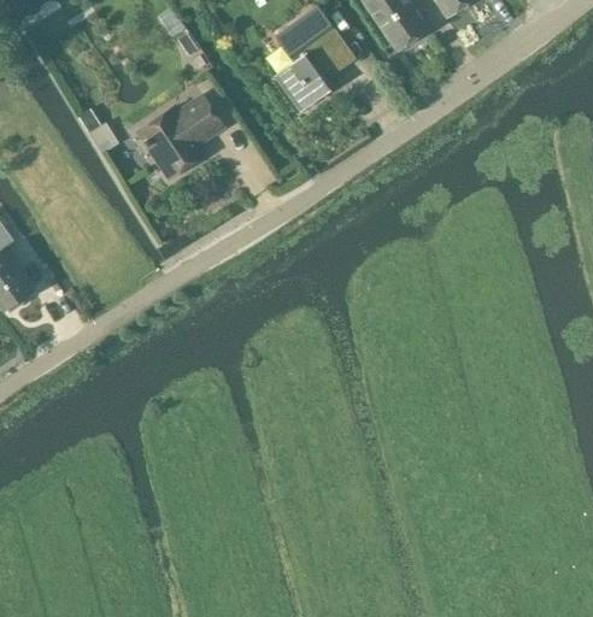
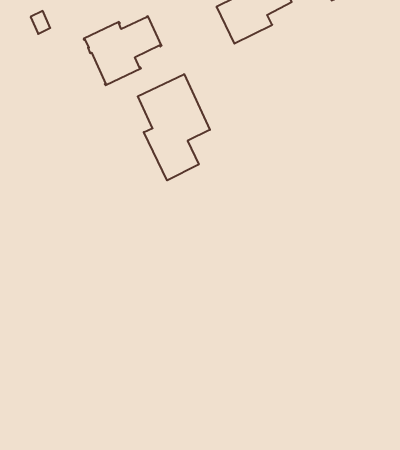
building: none -> [138,74,210,180]

